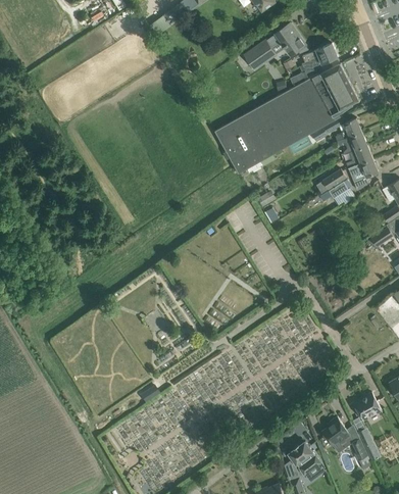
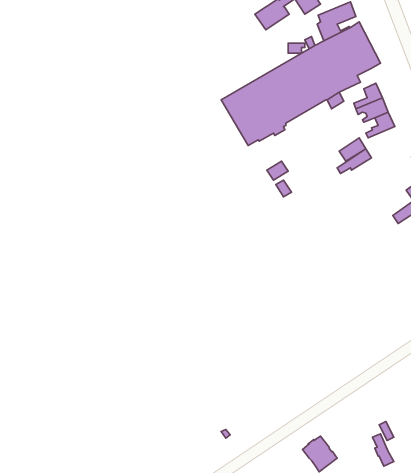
building: [348,157,378,190] -> none
building: [353,391,381,419] -> none
building: [321,415,350,452] -> none

